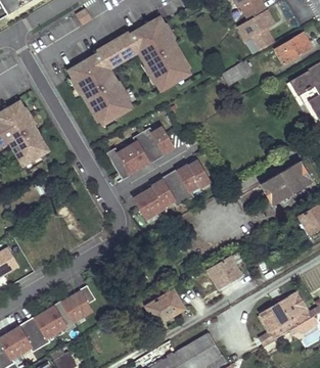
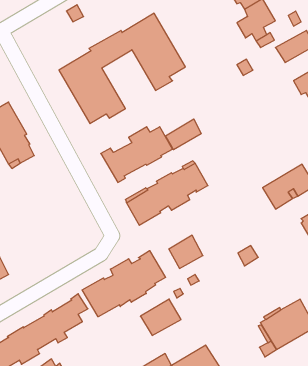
building: none -> [165,119,201,150]
building: none -> [82,251,166,317]
building: [208,257,240,288] -> [169,235,203,268]

